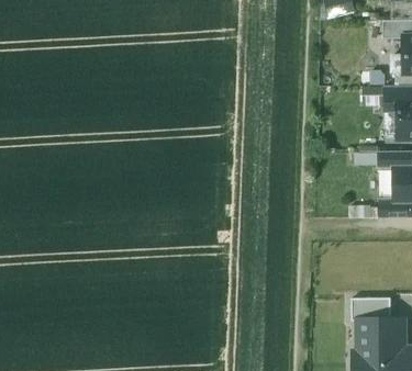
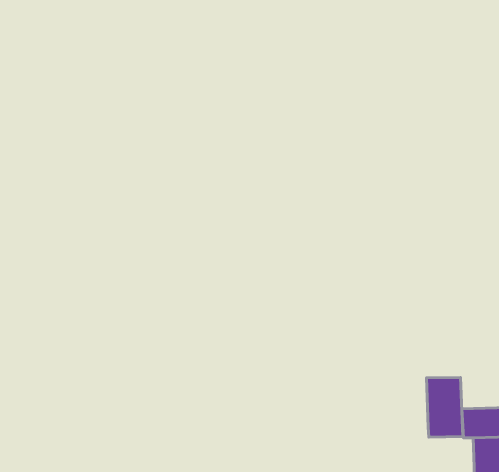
building: none -> [427,378,463,437]

